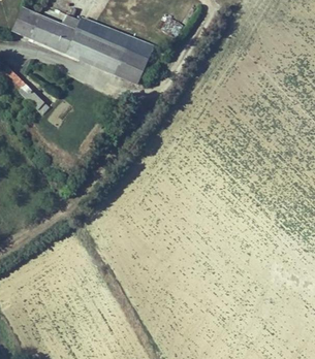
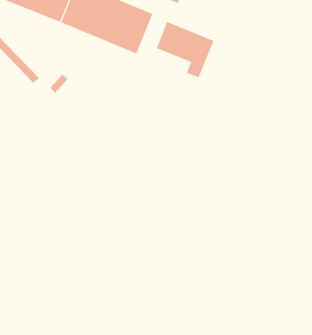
building: none -> [156,21,214,78]

